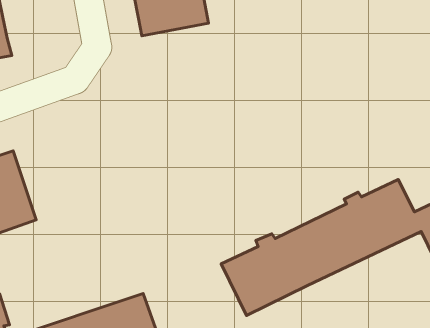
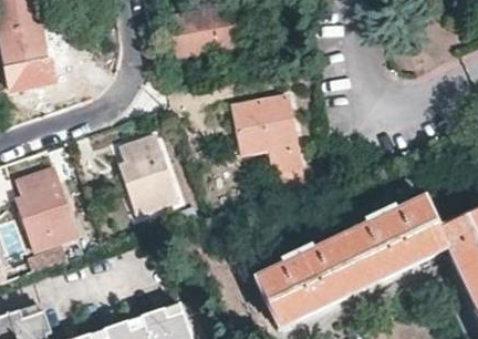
building: none -> [232,95,305,187]
building: none -> [117,133,177,214]

